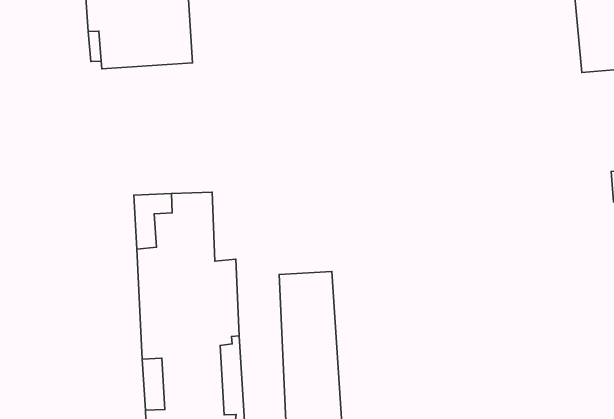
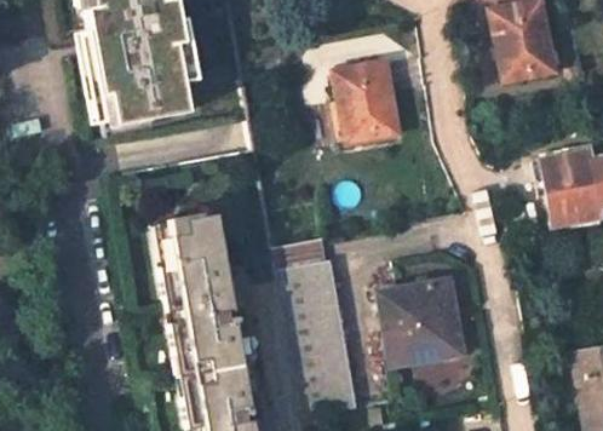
building: none -> [337,64,400,143]
building: none -> [274,239,321,275]
building: none -> [379,275,465,362]

